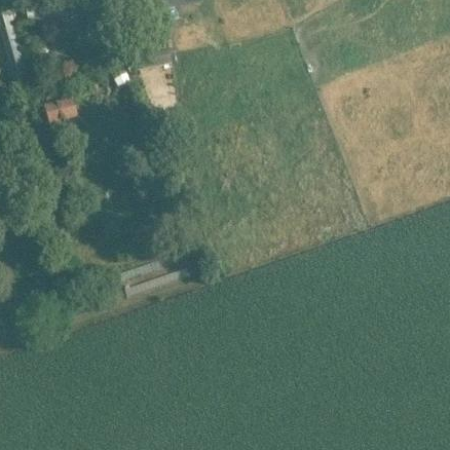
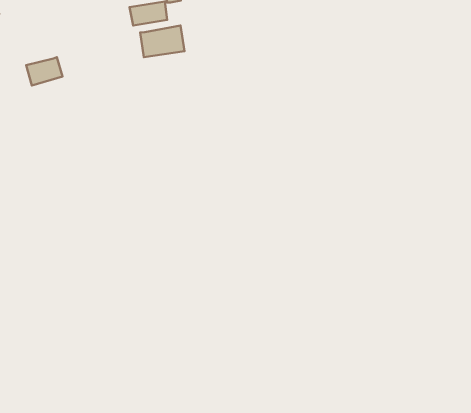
building: none -> [140,25,185,57]

